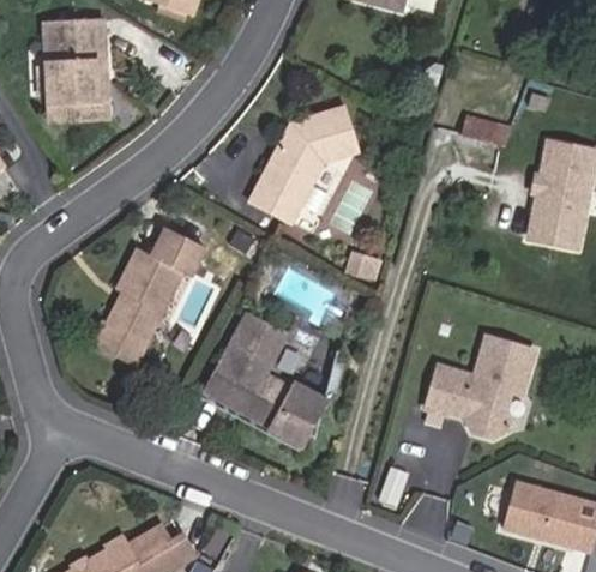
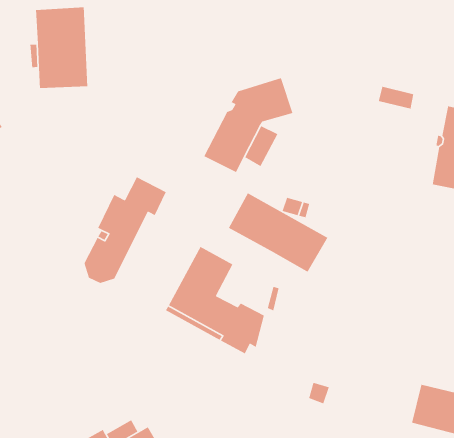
building: none -> [228,192,328,273]
building: [426,337,535,438] -> none

